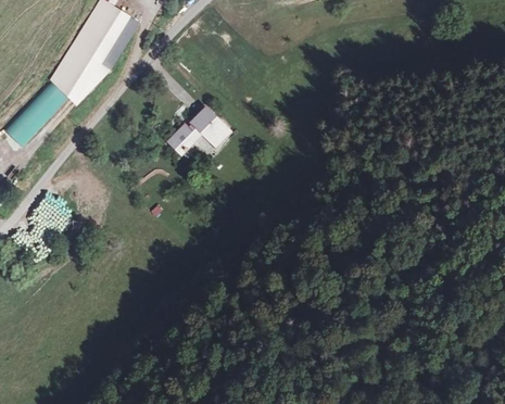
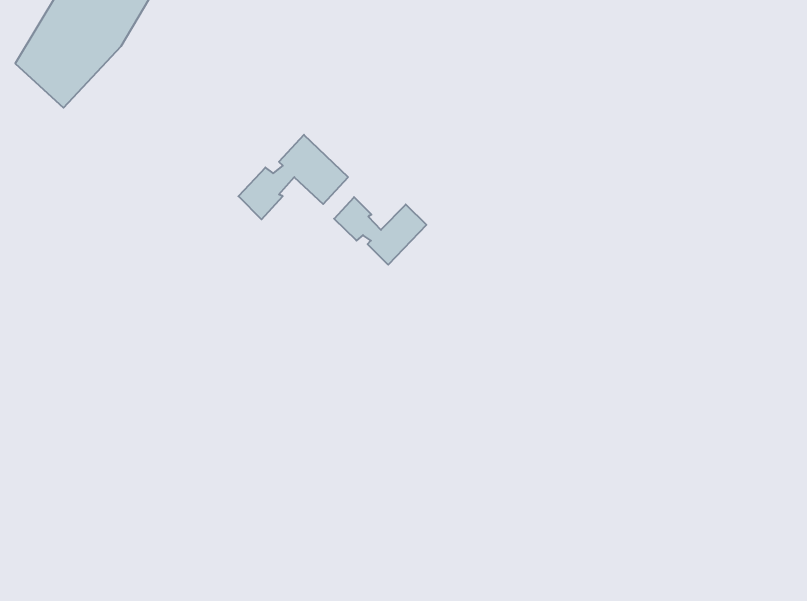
building: none -> [334,197,426,265]

